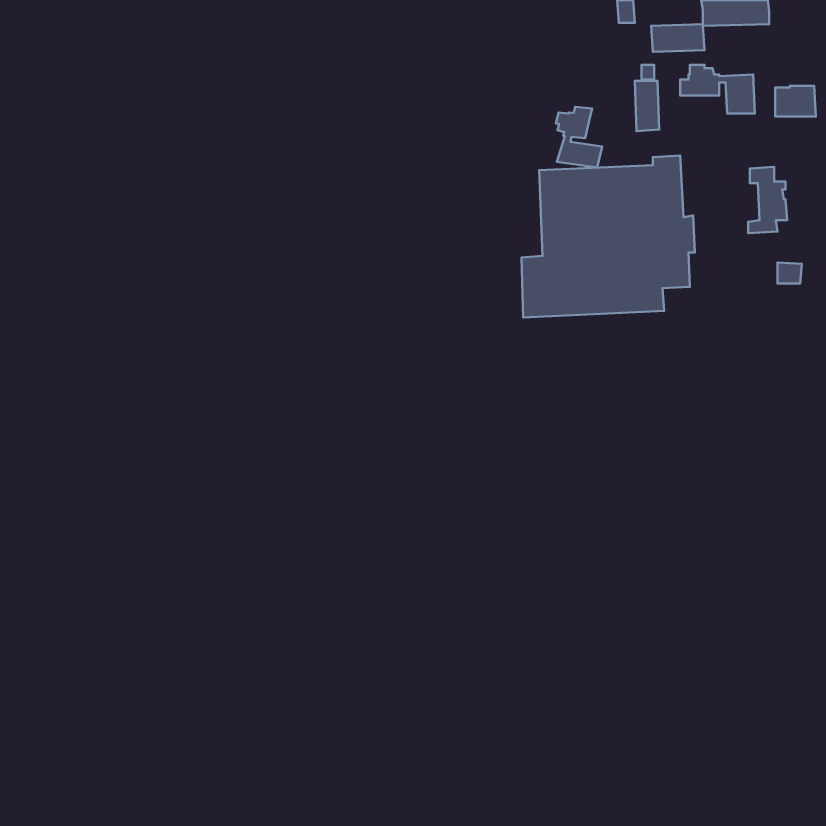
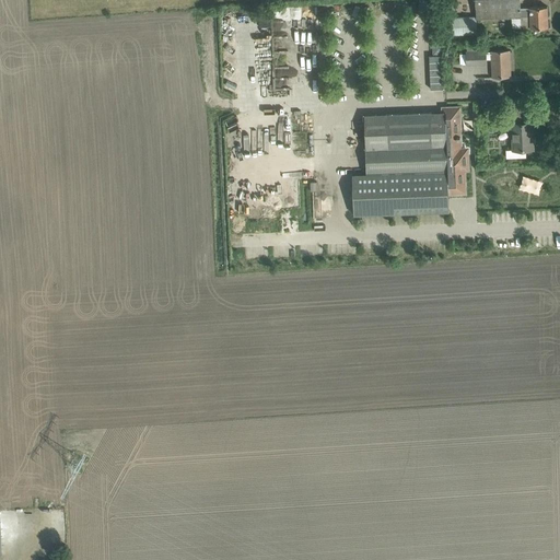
building: [775,86,816,117] -> [520,8,547,28]
building: [556,107,602,168] -> none

